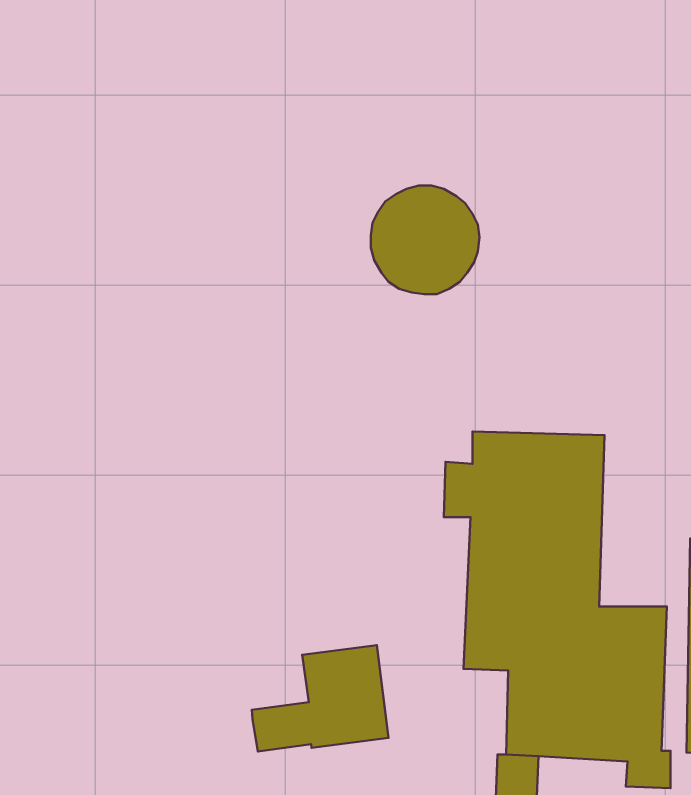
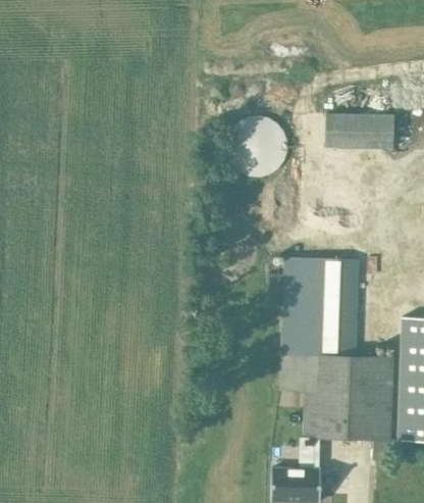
building: none -> [325,112,394,150]
building: [252,645,388,752] -> none

